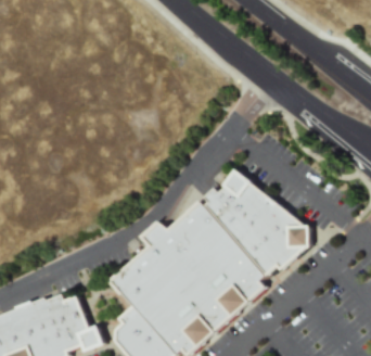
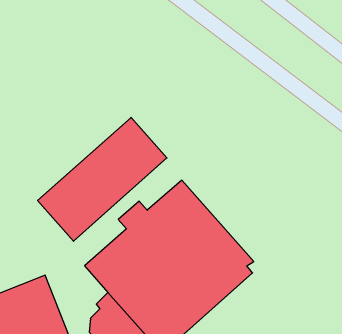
building: none -> [38,117,167,241]
building: [202,168,311,276] -> none

